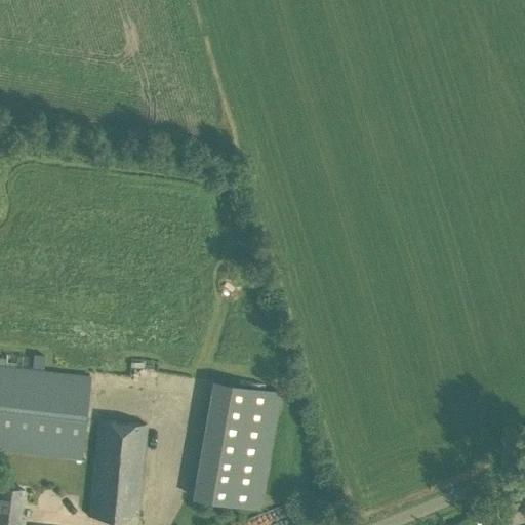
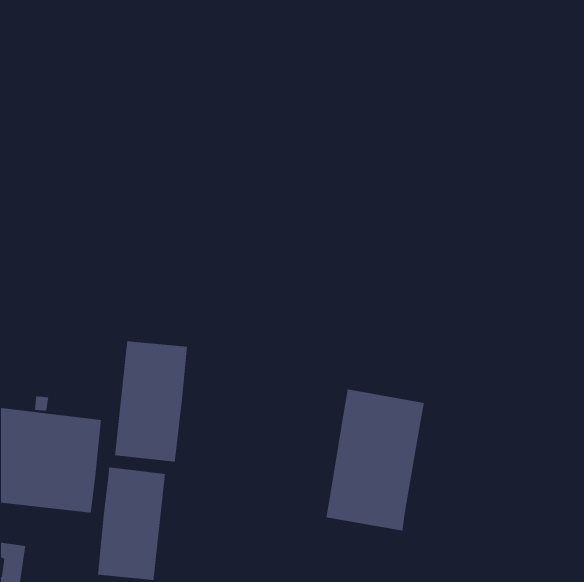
building: none -> [114,340,188,463]
building: [192,382,281,511] -> [326,389,425,532]

